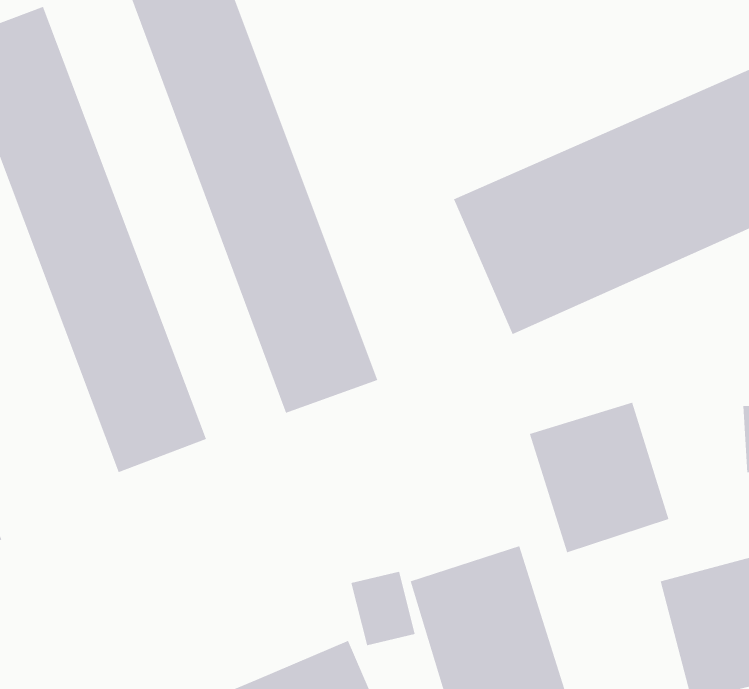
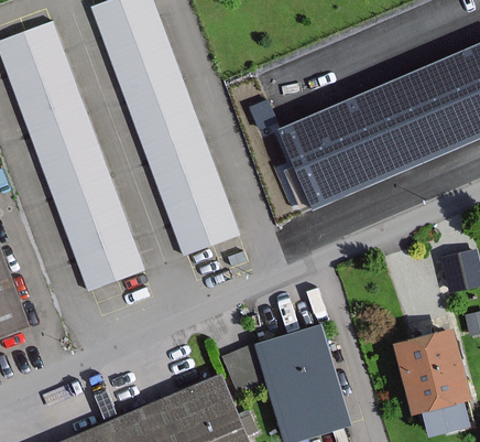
building: [529,402,669,553] -> none

